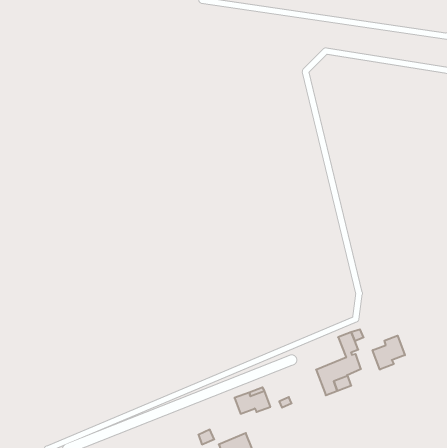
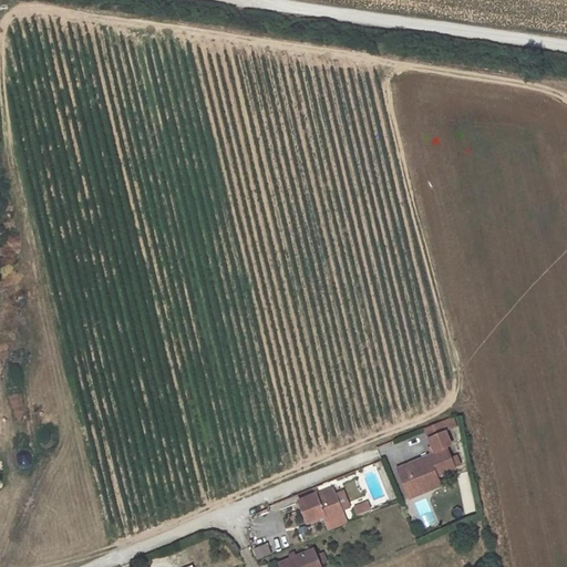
building: [373,336,405,370] -> none

